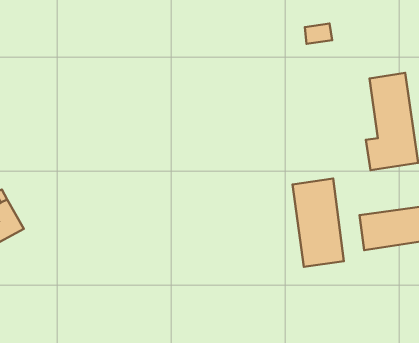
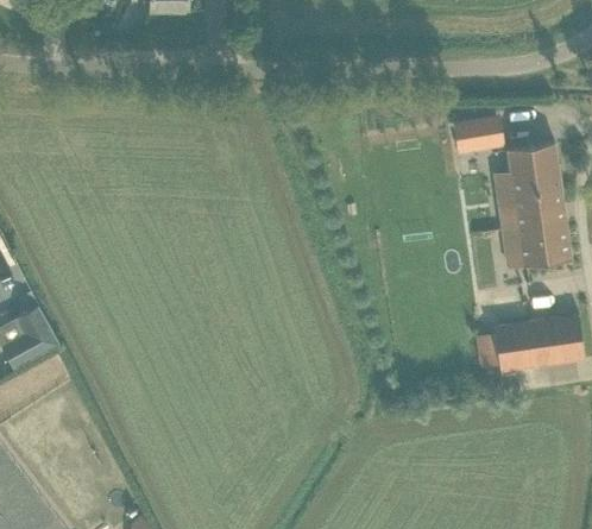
building: [305,24,332,44] -> [453,127,489,153]
building: [292,178,344,267] -> none

